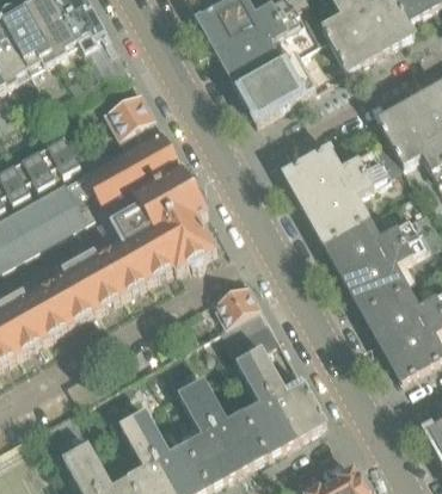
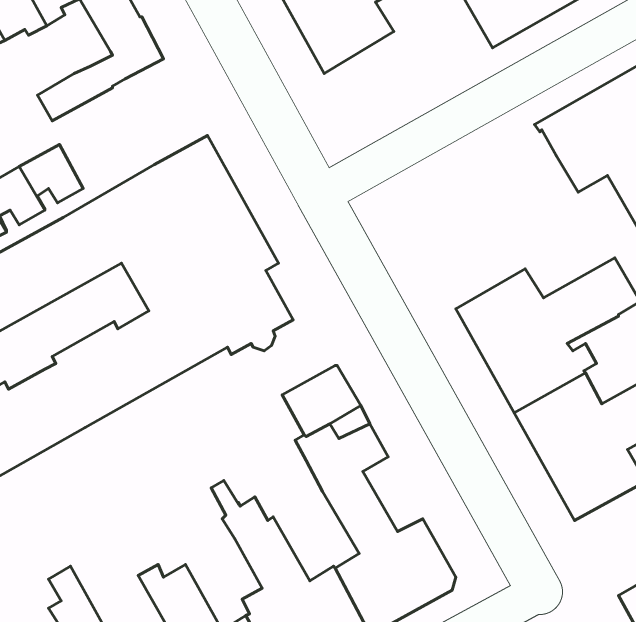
building: [237,51,315,122] -> none
building: [105,89,160,147] -> none
building: [283,141,403,241] -> none

